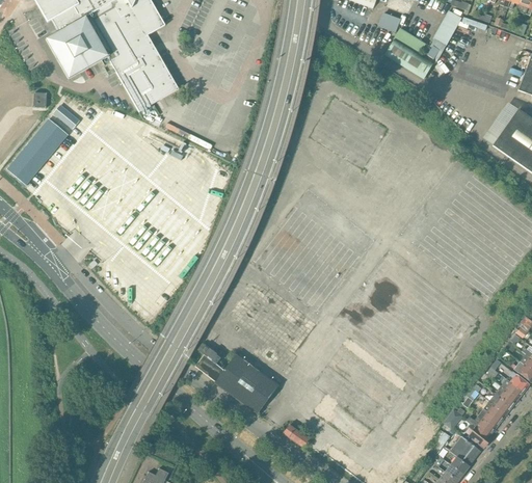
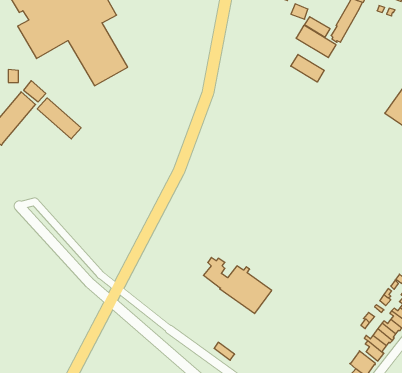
building: none -> [291,54,324,82]
building: none -> [37,98,81,139]
building: [194,344,277,412] -> [203,257,272,314]

